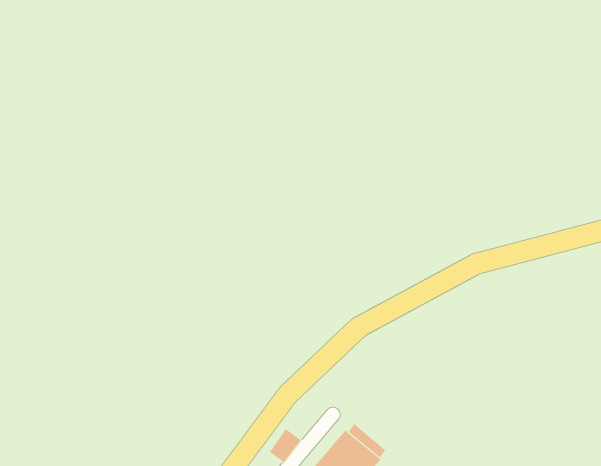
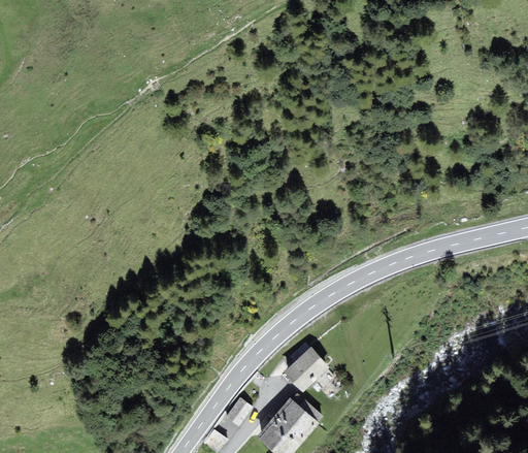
building: none -> [283,346,328,391]

